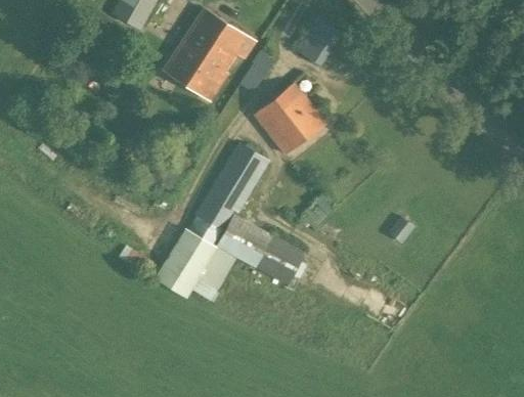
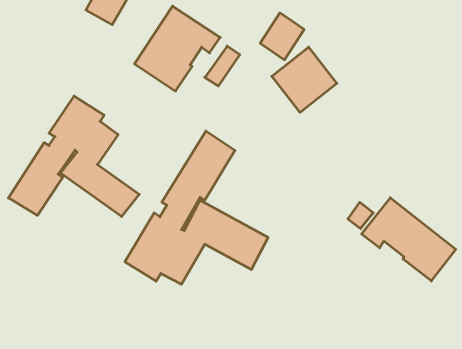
building: [255,84,323,152] -> [272,47,337,112]
building: none -> [8,96,139,217]
building: none -> [362,198,456,281]

